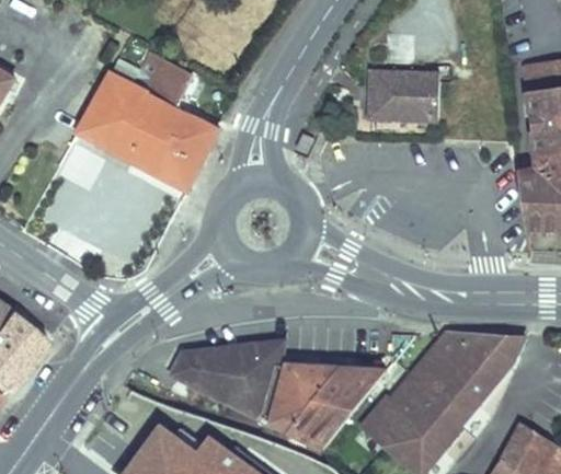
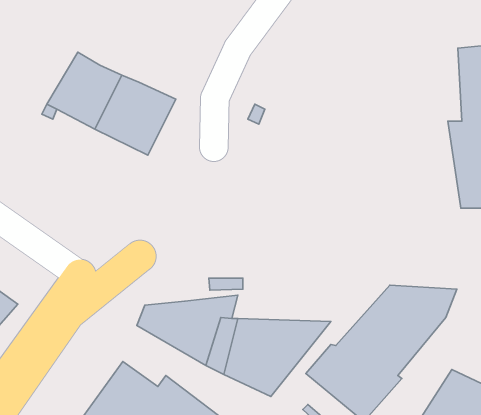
building: [133,55,191,107] -> none
building: [367,72,442,126] -> none

